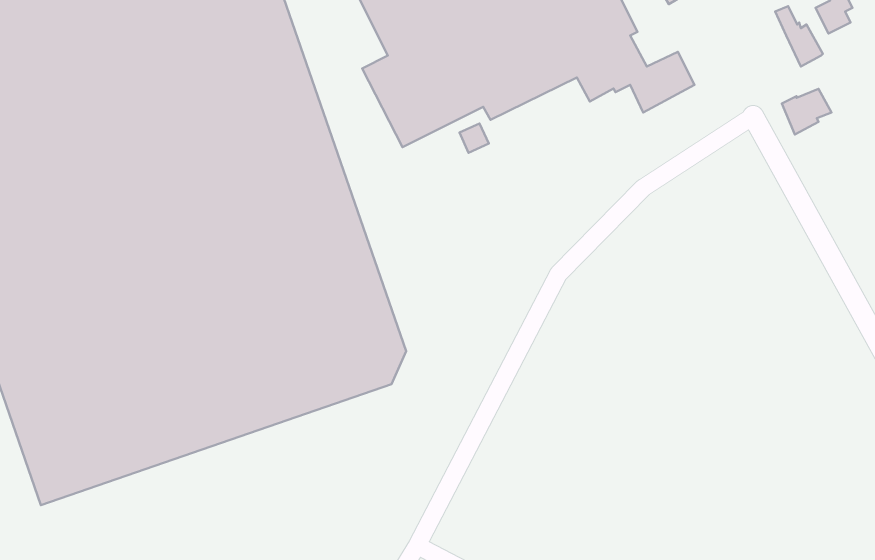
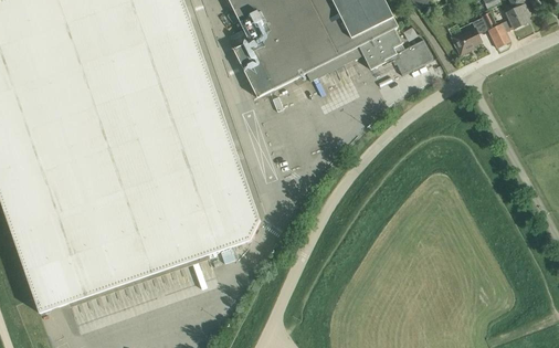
building: [782,89,831,135] -> [451,27,481,54]

